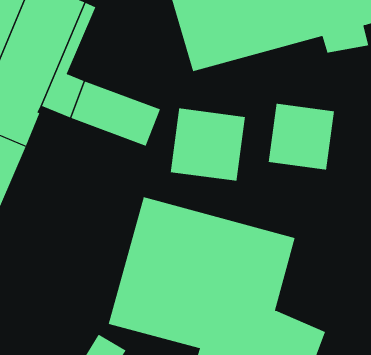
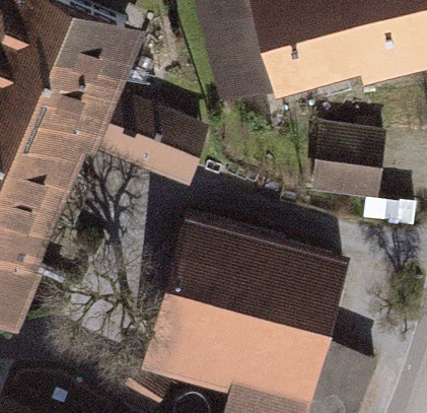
building: [170,107,245,182] -> none

